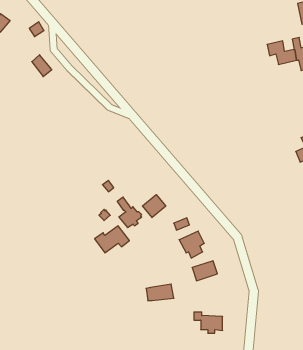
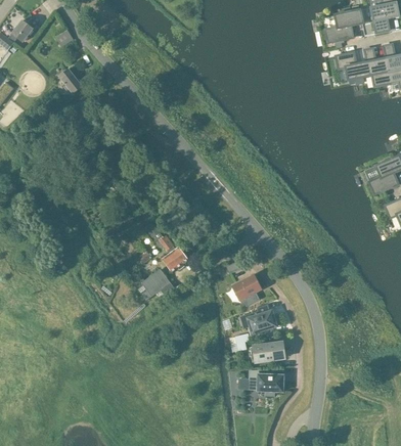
building: none -> [325,9,363,42]
building: [142,195,166,218] -> none
building: [146,284,174,301] -> [251,341,283,360]

